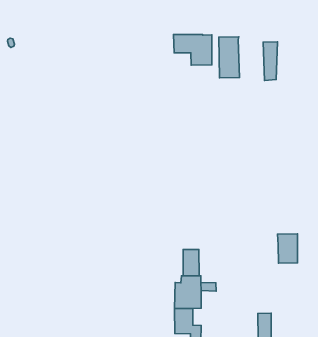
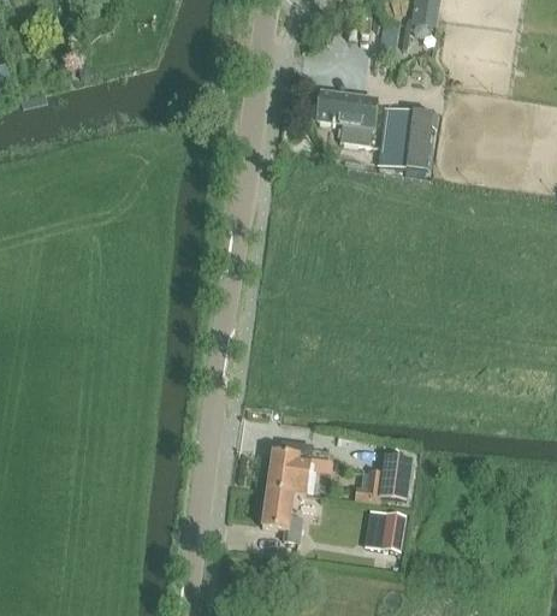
building: [263,42,277,80] -> [407,112,433,168]
building: [278,234,298,263] -> [378,455,411,500]
building: [183,250,199,276] -> none

